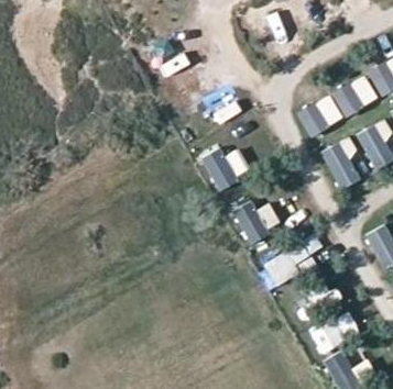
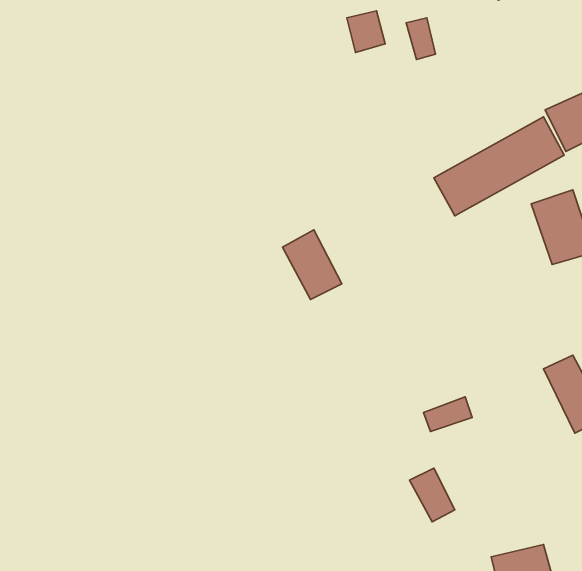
building: [320,140,363,190] -> none
building: [233,197,281,242] -> none

